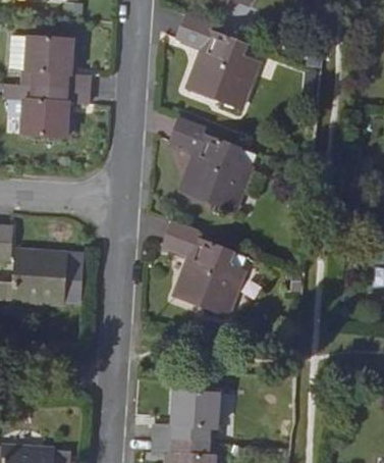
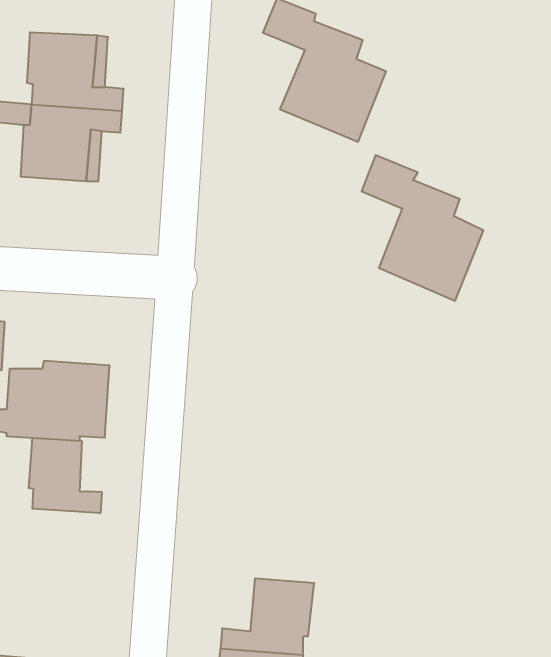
building: [169,120,249,215] -> [362,155,483,301]
building: [164,224,244,317] -> none
building: none -> [29,438,102,513]

